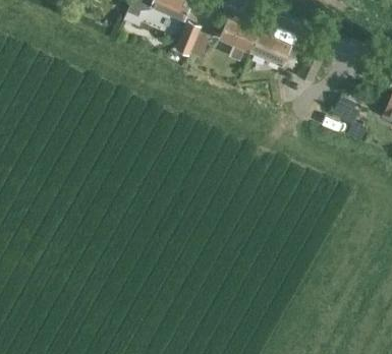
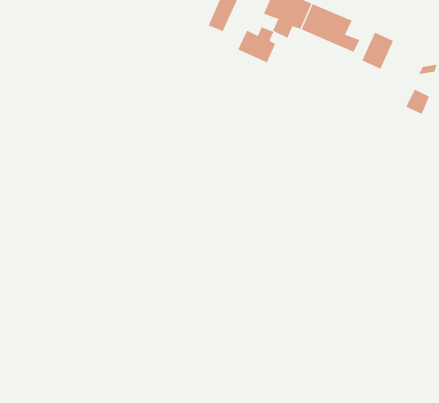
building: none -> [237,27,276,63]

